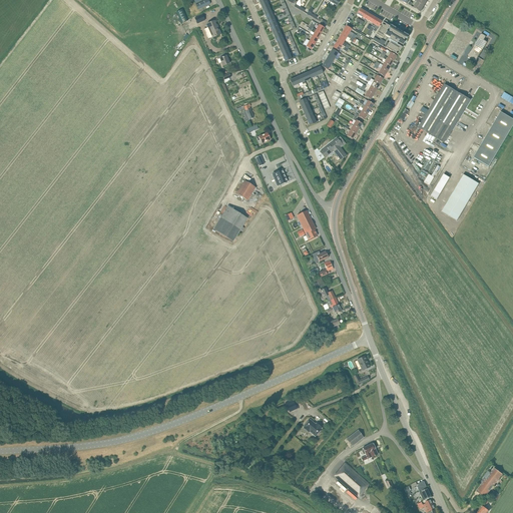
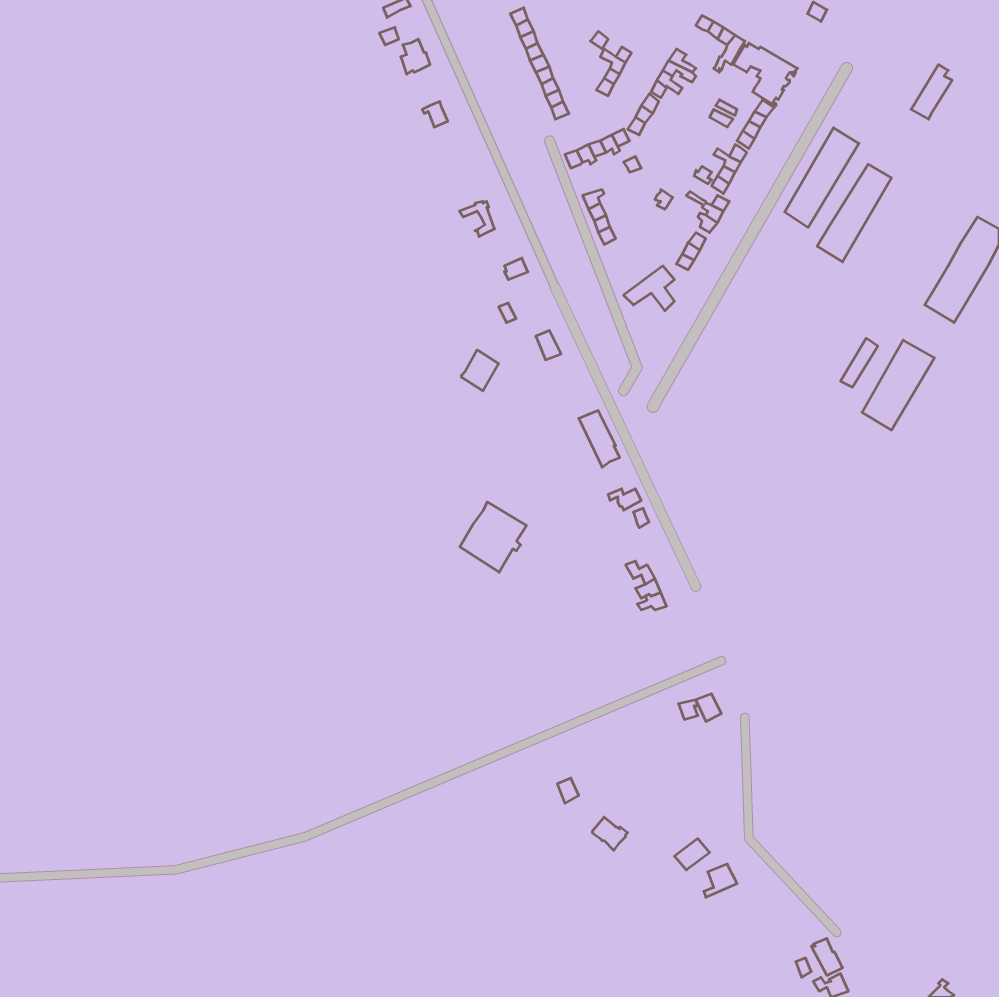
building: [432,91,470,142] -> [785,128,859,227]
building: [213,205,247,241] -> [460,502,526,572]
building: [334,462,370,496] -> none
building: [476,467,503,497] -> none

